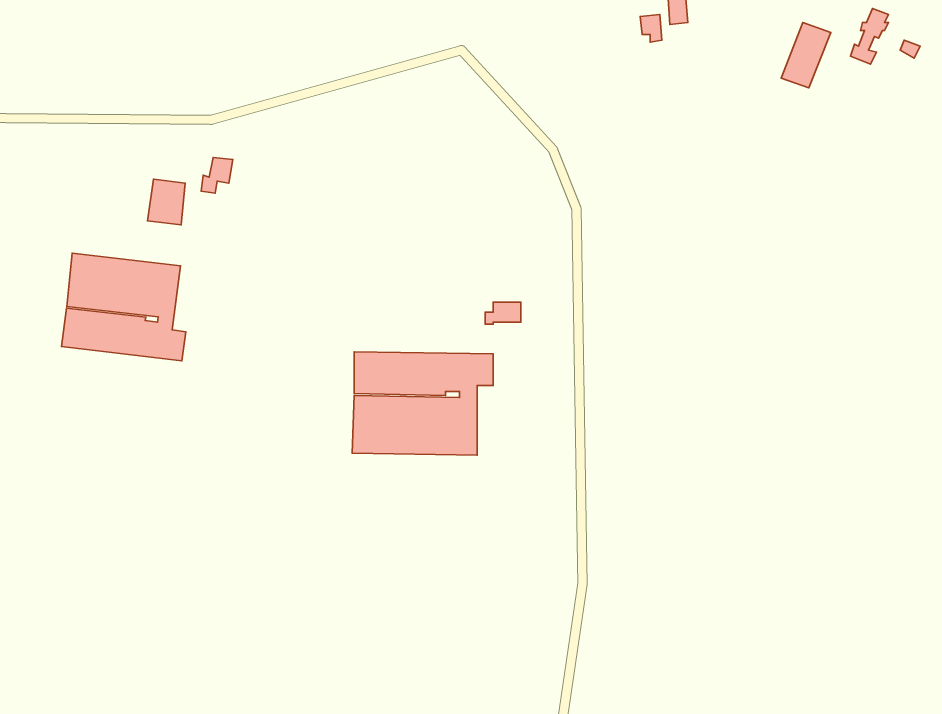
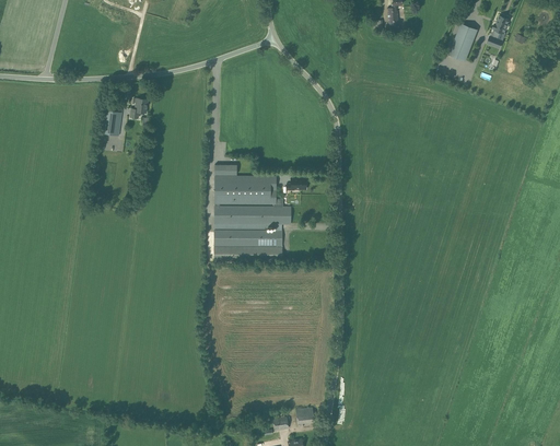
building: [61,253,186,361] -> none
building: none -> [214,164,276,203]

